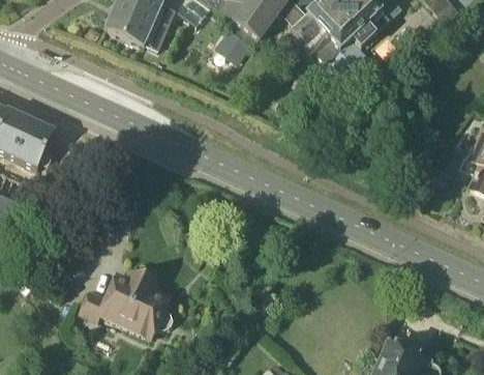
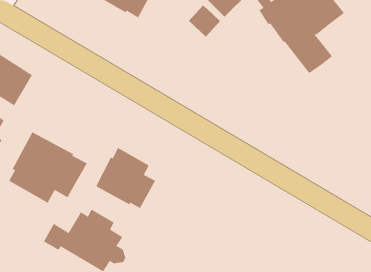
building: none -> [8,132,88,204]
building: none -> [95,147,156,209]

